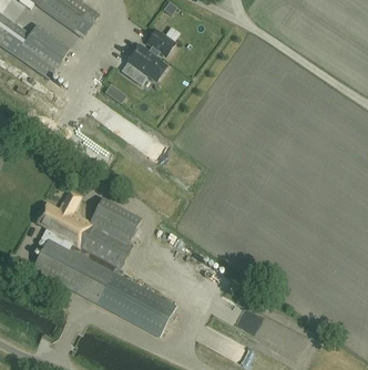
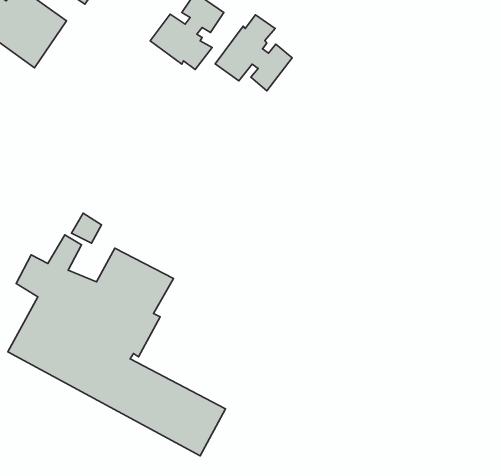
building: none -> [215,15,292,91]

